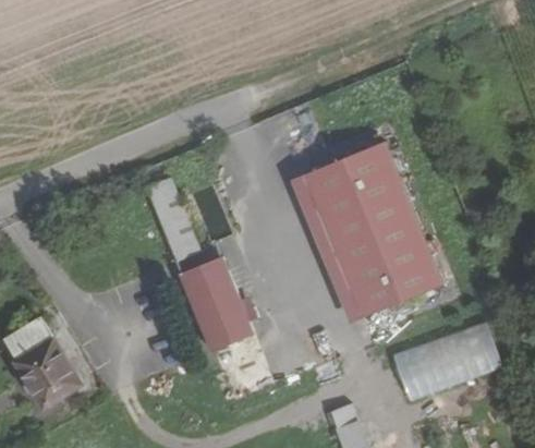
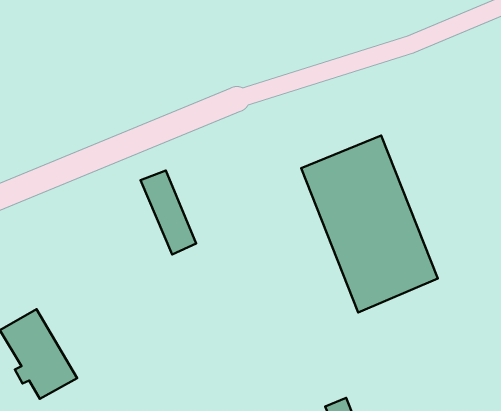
building: [181,257,254,352] -> none
building: [386,323,497,401] -> none

